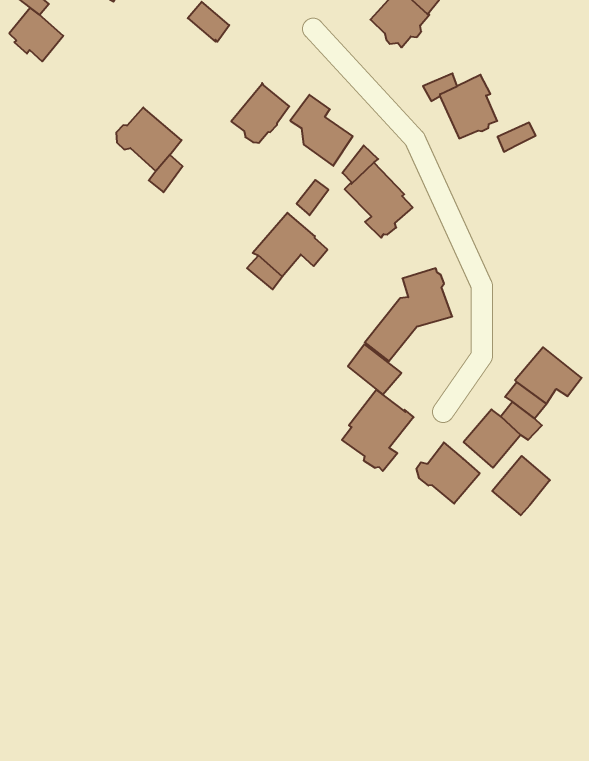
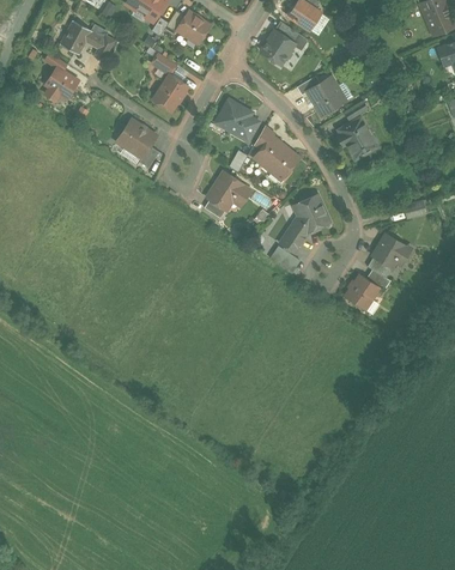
building: [231,83,289,143] -> [153,73,187,109]
building: none -> [336,116,374,159]
building: [342,390,414,471] -> none
building: [416,442,480,504] -> none
building: [492,456,550,515] -> none

